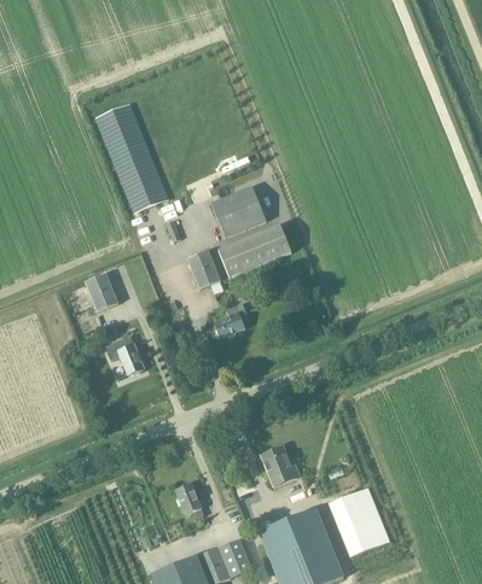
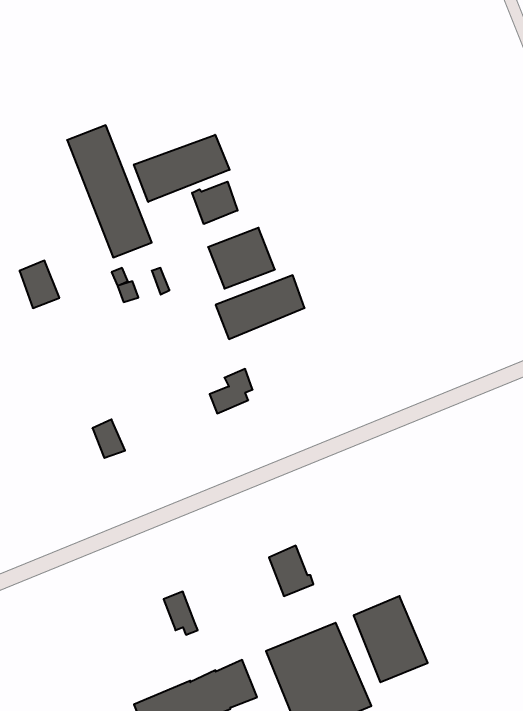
building: none -> [134,135,230,202]
building: none -> [192,182,238,224]
building: [186,250,220,288] -> none
building: [85,273,117,311] -> [19,261,59,308]

